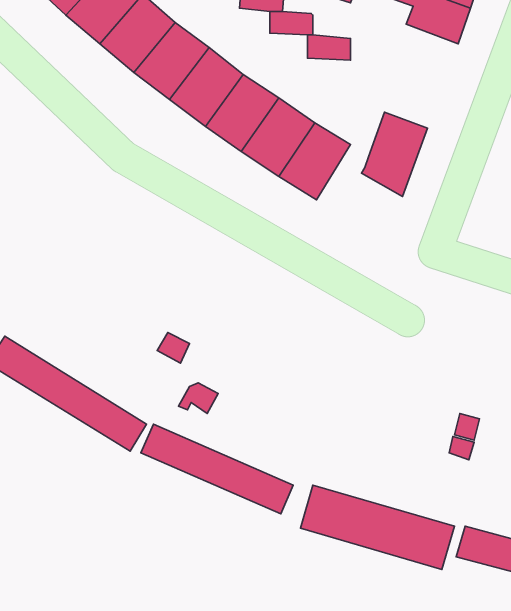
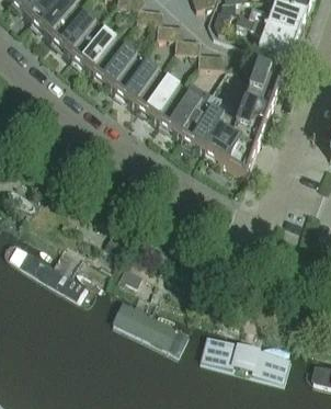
building: none -> [244,67,283,111]
building: none -> [203,121,255,180]

